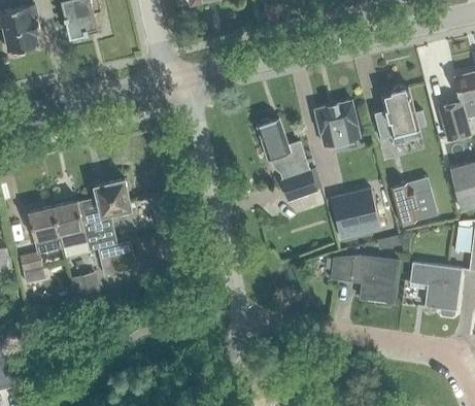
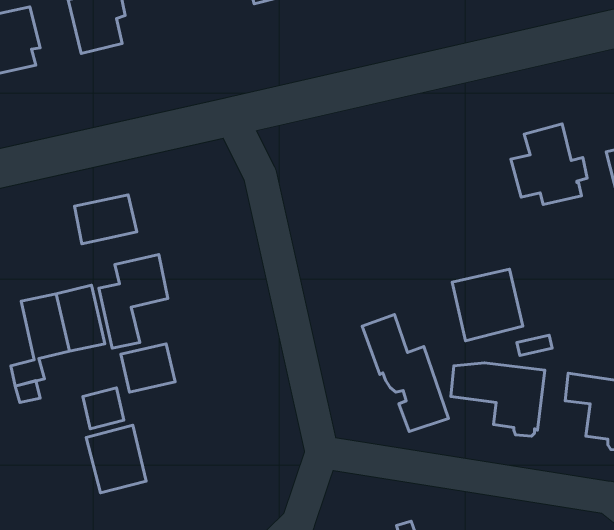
building: [314,101,360,146] -> none
building: [256,119,316,201] -> [362,314,449,432]
building: none -> [75,195,137,244]
building: [391,184,436,225] -> none
building: none -> [86,425,146,493]

